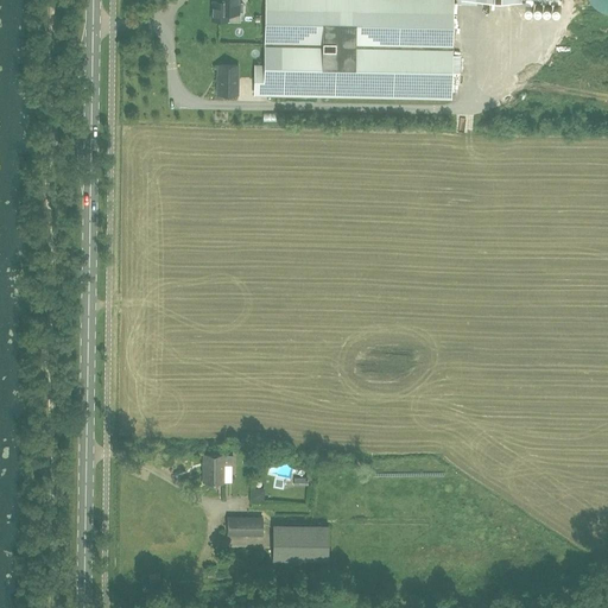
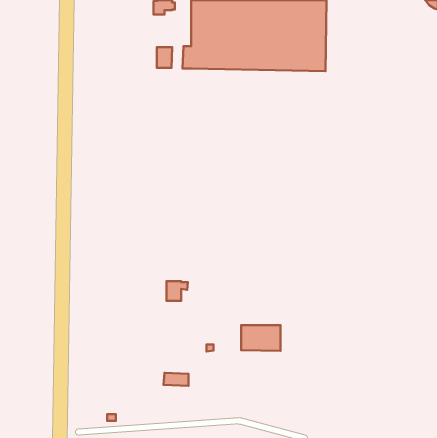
building: [204,454,234,481] -> [166,281,188,301]
building: [274,525,329,560] -> [241,325,280,351]

